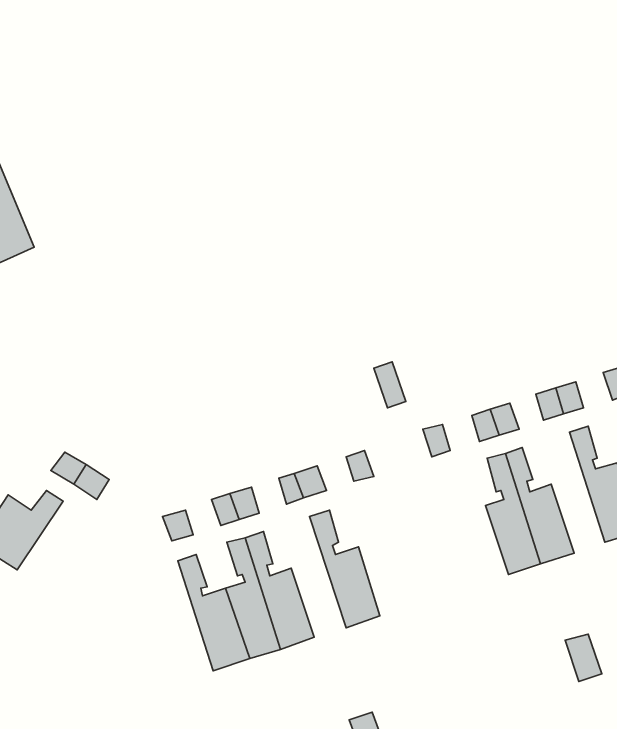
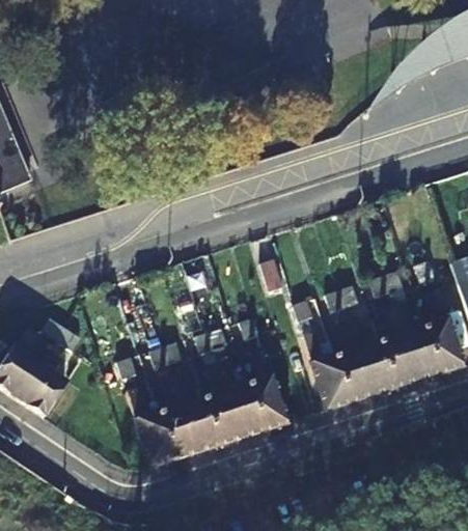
building: none -> [380,305,416,387]
building: none -> [302,330,351,410]
building: none -> [249,346,287,429]
building: none -> [18,352,65,416]
building: none -> [203,362,241,444]

